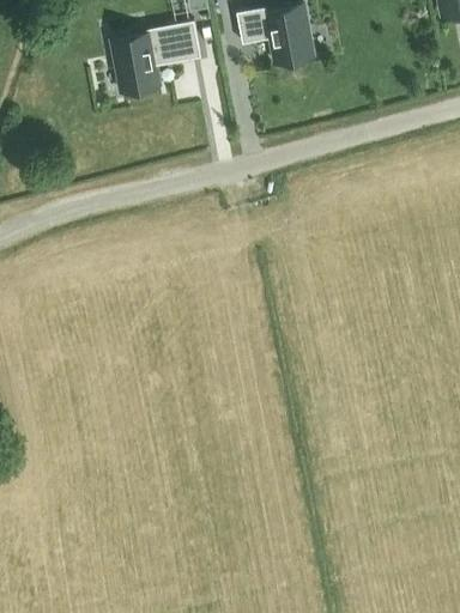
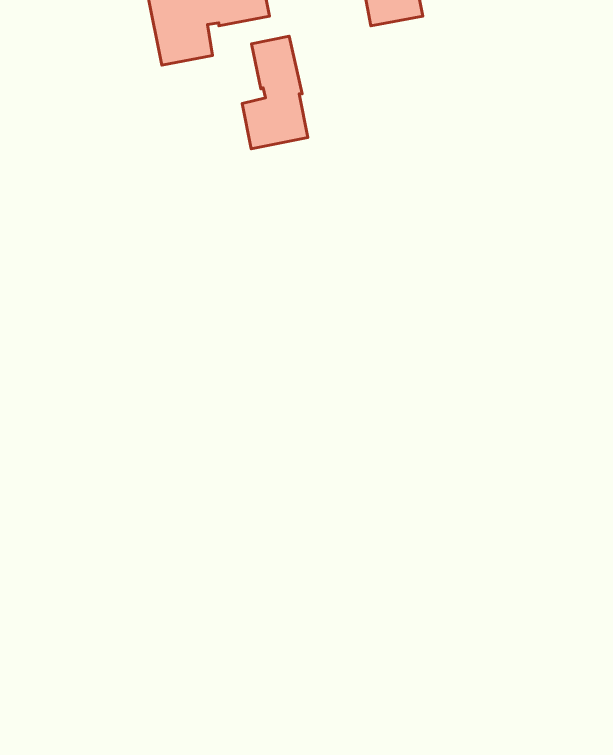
building: none -> [242,36,308,149]

